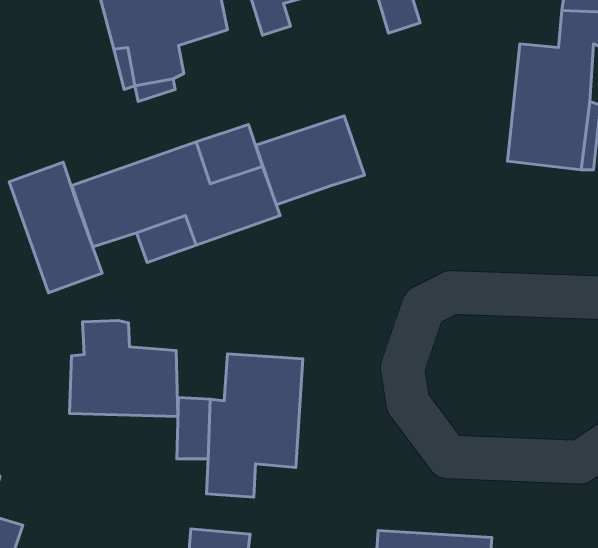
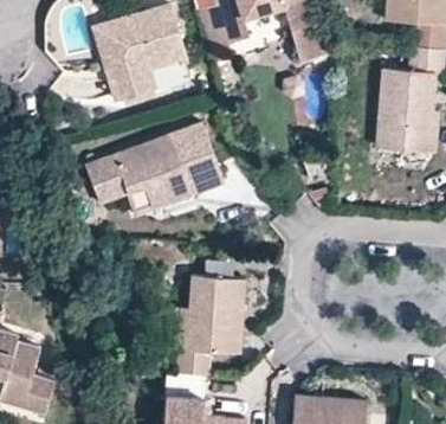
building: [256,116,365,205] -> none
building: [9,162,102,293] -> none
building: [69,320,178,417] -> none

